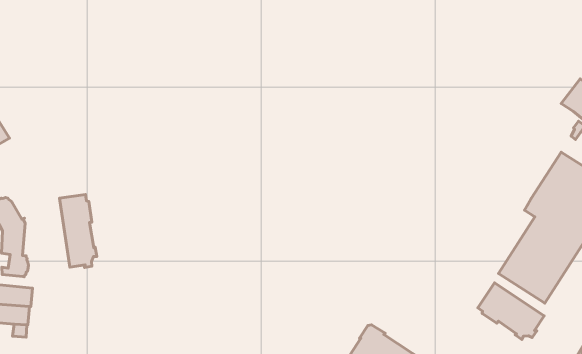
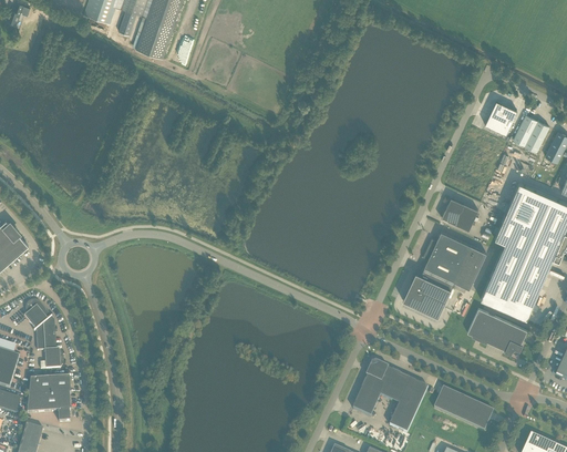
building: none -> [484,101,516,135]
building: none -> [440,197,477,230]
building: none -> [402,232,485,316]
building: [60,194,97,268] -> none

